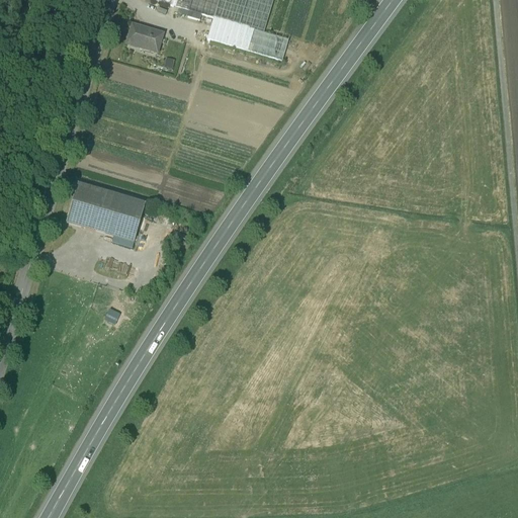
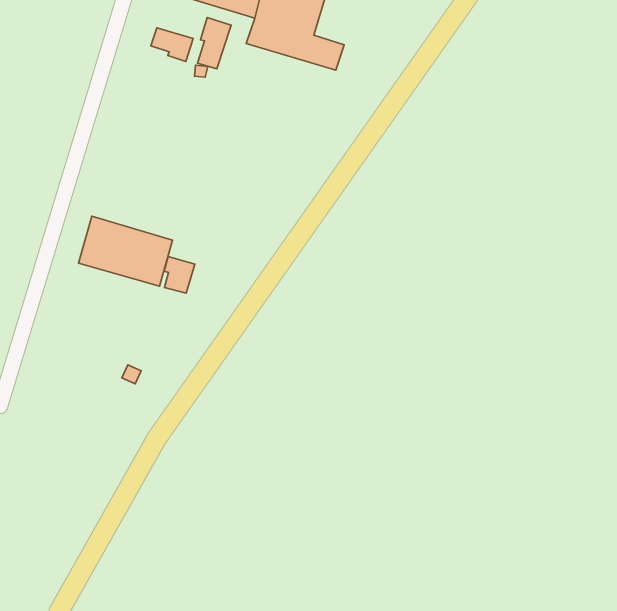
building: none -> [198,18,231,69]
building: none -> [164,256,195,293]

